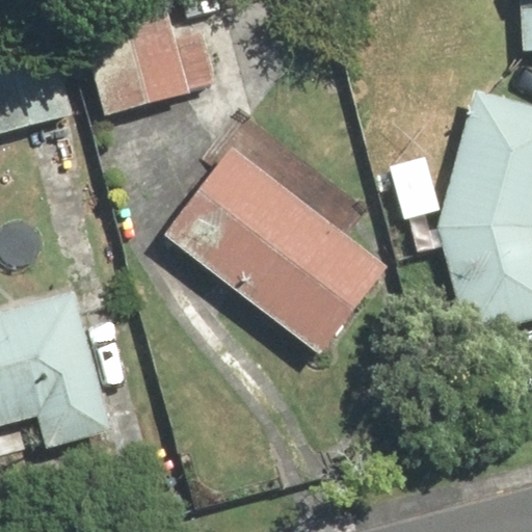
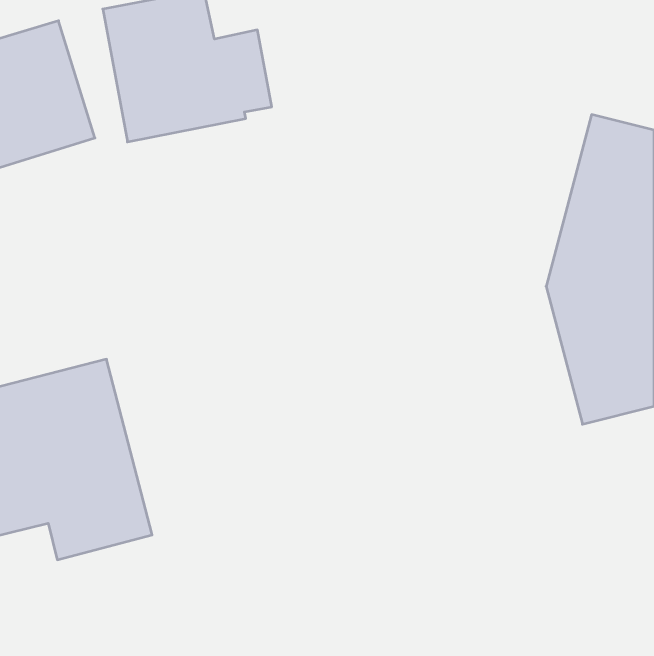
building: [165,148,391,353] -> none

